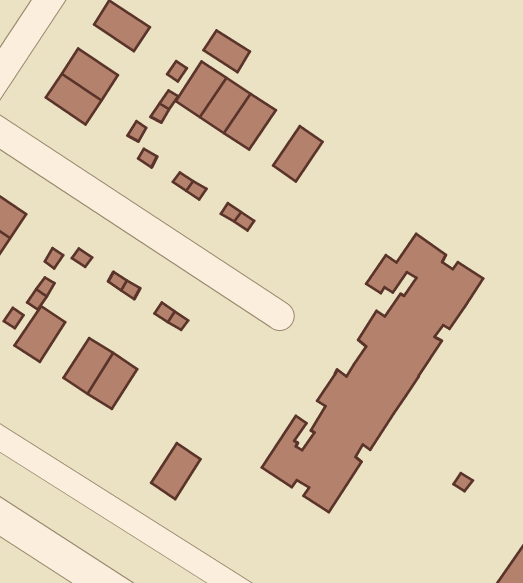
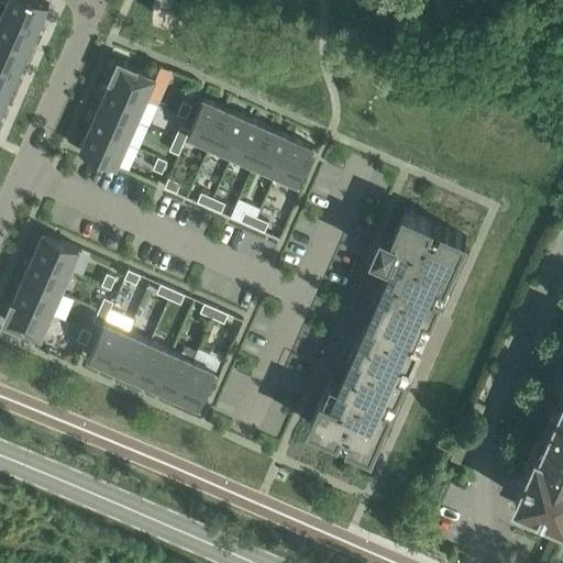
building: none -> [99,88,145,126]
building: [203,31,250,72] -> none
building: none -> [254,133,292,179]
building: none -> [111,338,148,384]
building: [151,443,201,499] -> [177,366,214,412]

